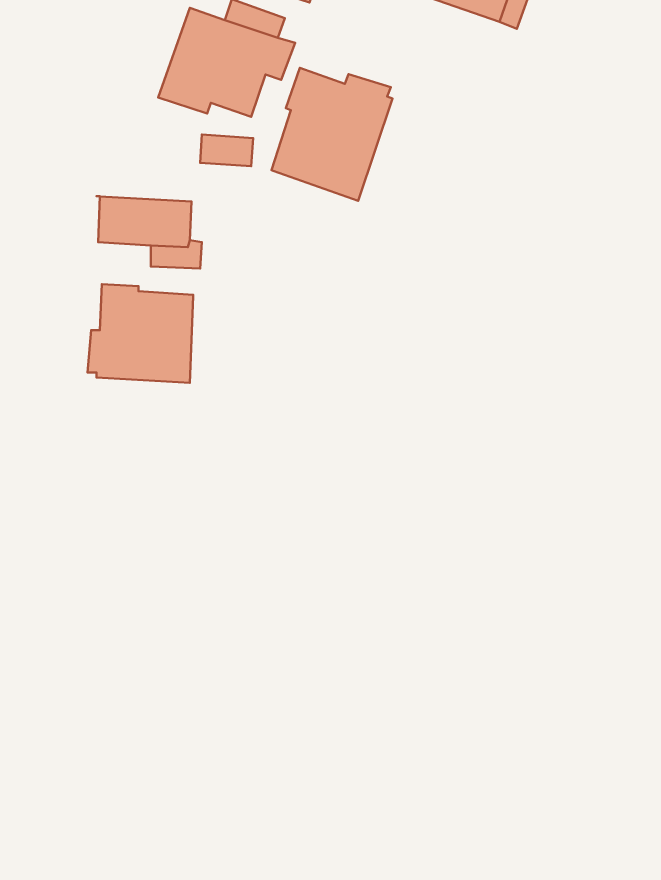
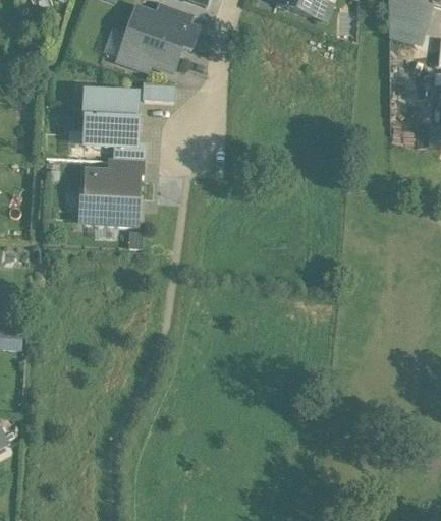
building: [271,68,392,201] -> none
building: none -> [82,89,137,118]
building: none -> [107,155,143,173]

